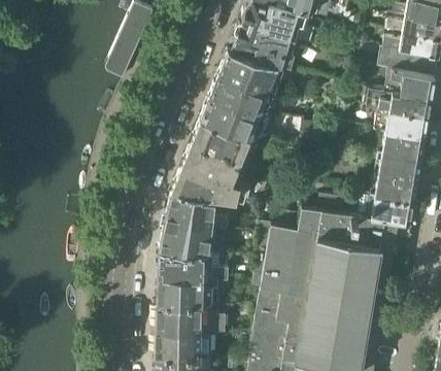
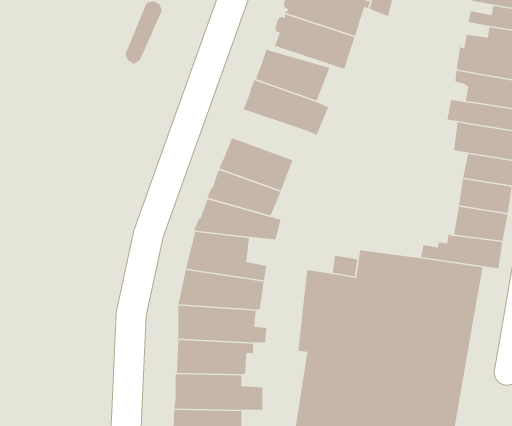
building: [201,96,259,135] -> none

